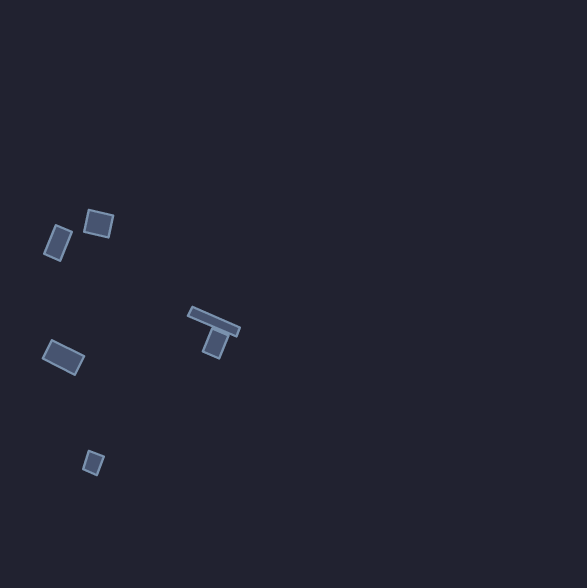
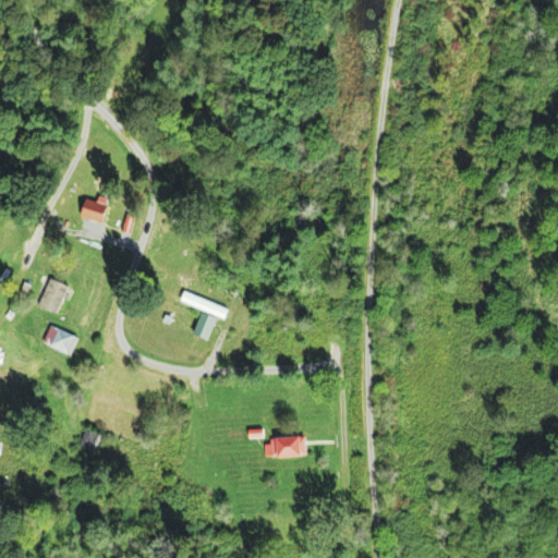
building: [44,225,72,261] -> [40,278,66,312]
building: none -> [270,437,305,459]

